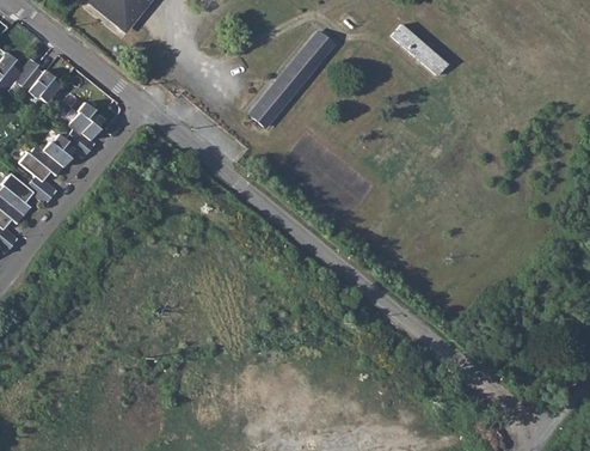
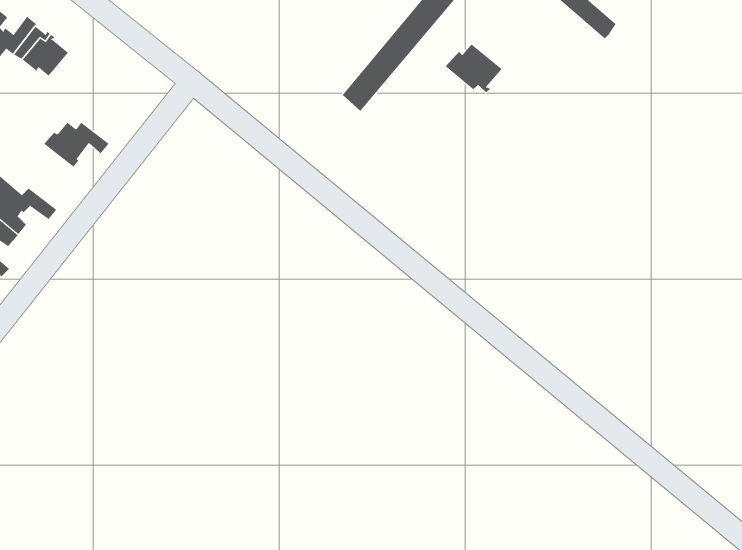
building: none -> [445,43,503,93]
building: [66,102,102,150] -> none
building: [18,145,62,196] -> none

